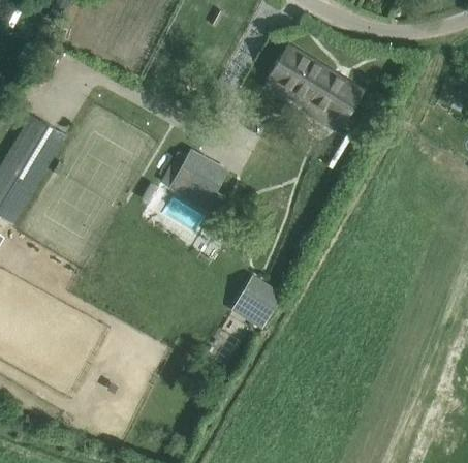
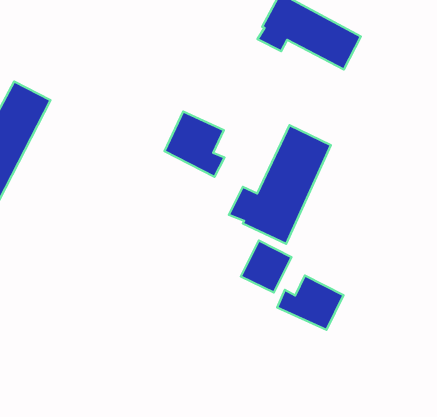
building: none -> [229,125,331,244]
building: none -> [277,276,344,330]

